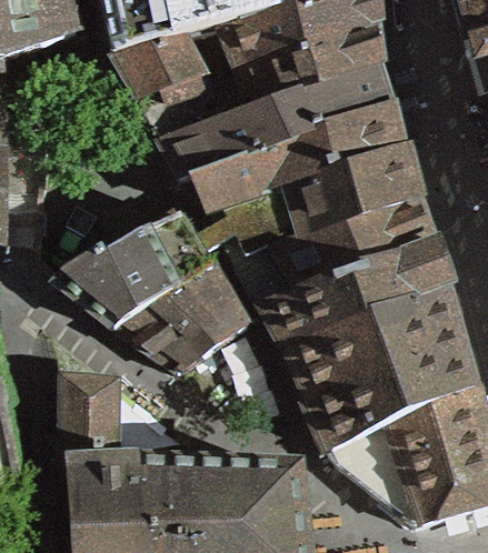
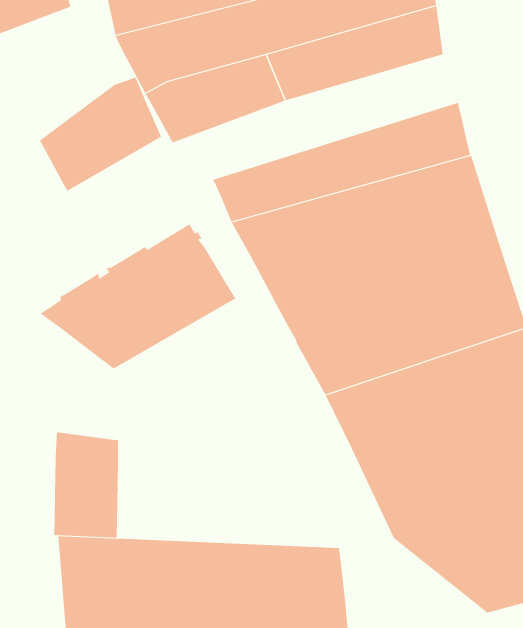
building: [165,70,398,180] -> none
building: none -> [39,77,162,192]
building: [117,268,252,373] -> none

